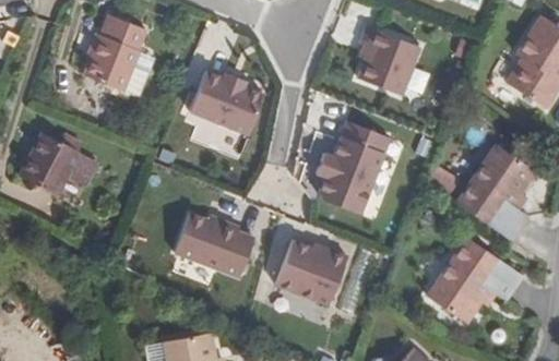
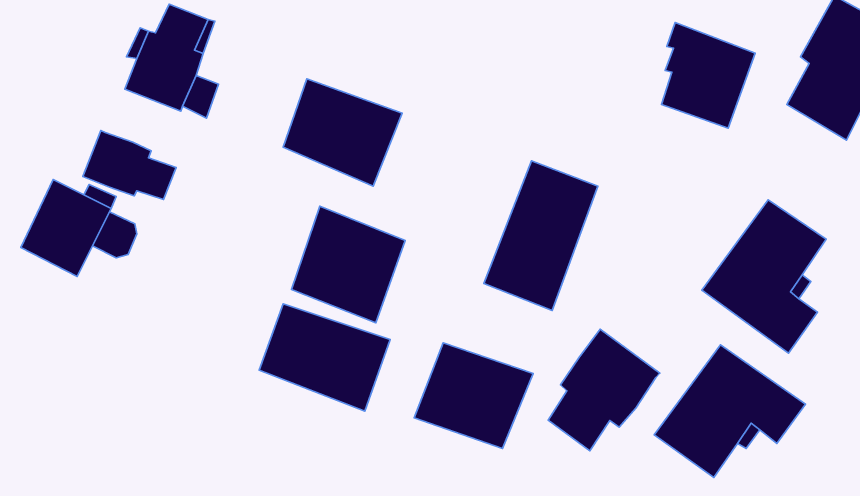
building: [360,24,420,92] -> [662,23,755,128]
building: none -> [83,131,176,200]
building: none -> [291,206,405,323]
building: none -> [548,329,660,451]

